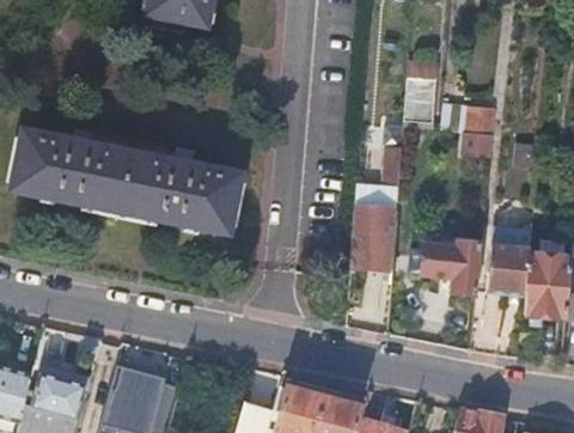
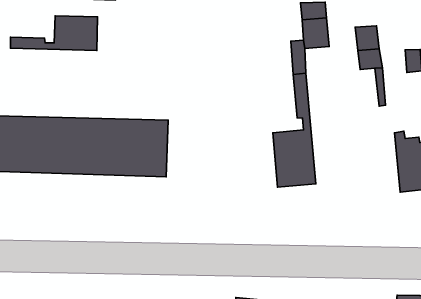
building: none -> [10,16,98,51]
building: [421,242,480,293] -> none

